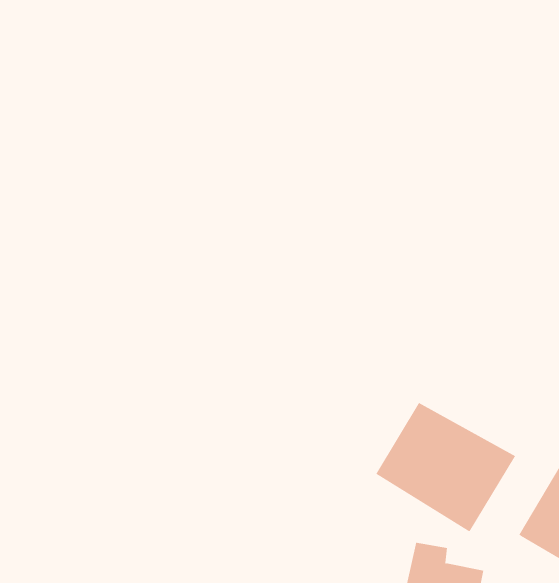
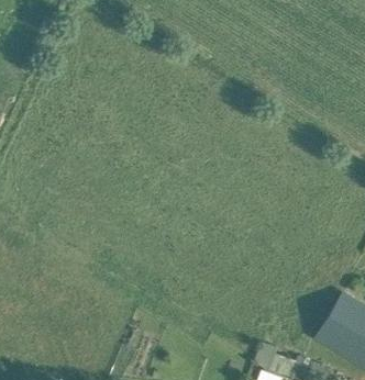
building: [375,402,516,532] -> none

